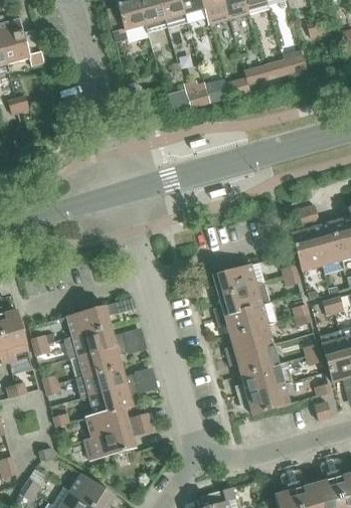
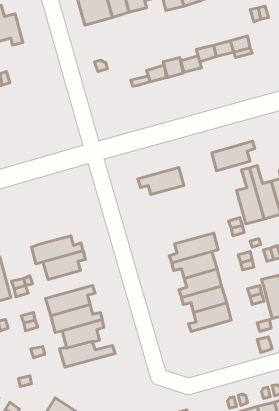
building: none -> [212,141,255,171]
building: [204,263,257,294] -> [138,167,184,194]
building: [65,325,125,357] -> [32,236,83,264]
building: [238,382,291,413] -> none
building: [82,420,153,460] -> none

